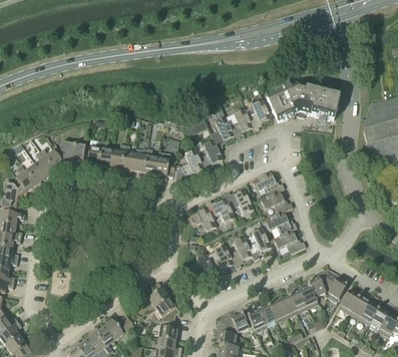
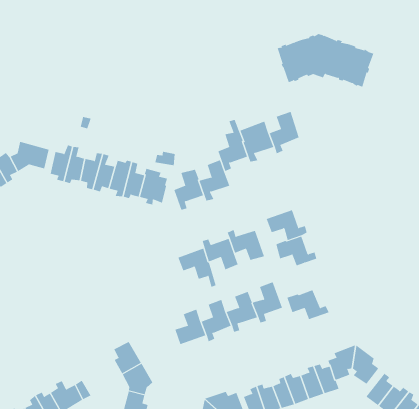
building: [267,83,340,122] -> [277,33,374,87]
building: [265,212,297,236] -> none

